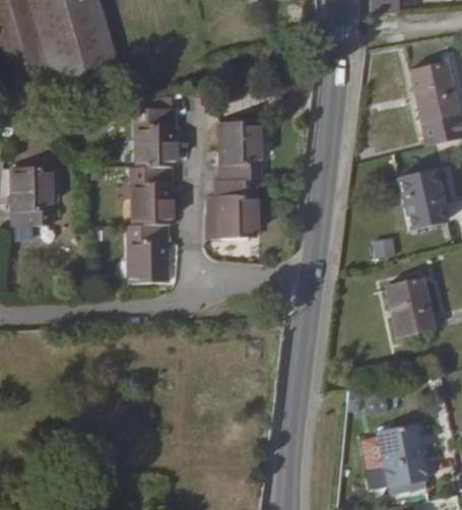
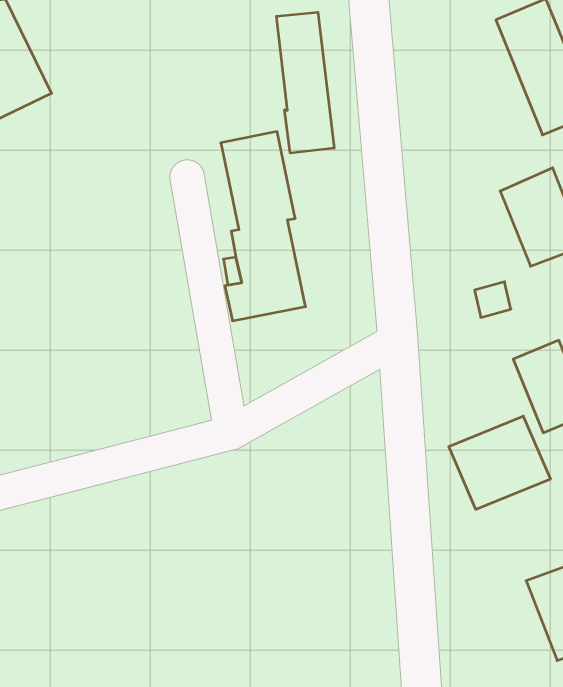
building: none -> [276,12,334,153]
building: [129,102,176,276] -> none
building: none -> [449,416,550,509]

